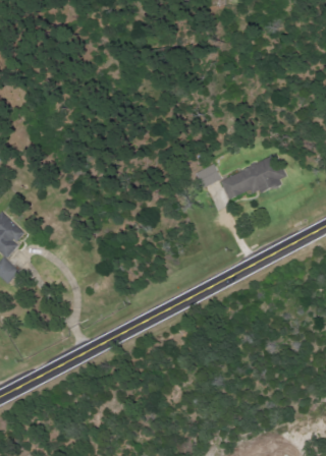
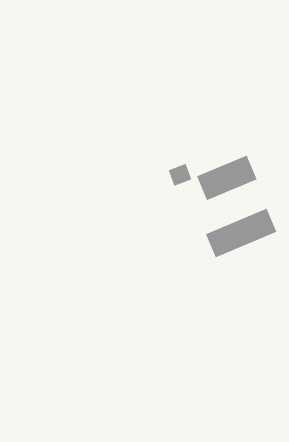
building: none -> [205,208,277,258]

